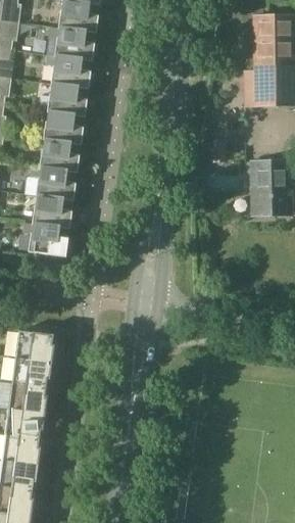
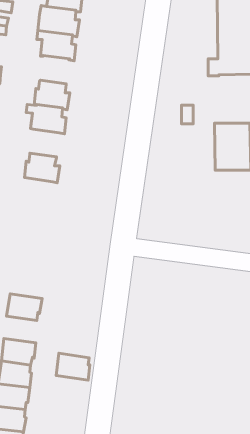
building: [46,83,87,116] -> none
building: [31,165,76,201] -> none
building: [23,222,68,256] -> none
building: [15,330,54,362] -> none
building: [8,382,47,413] -> [56,353,90,380]

